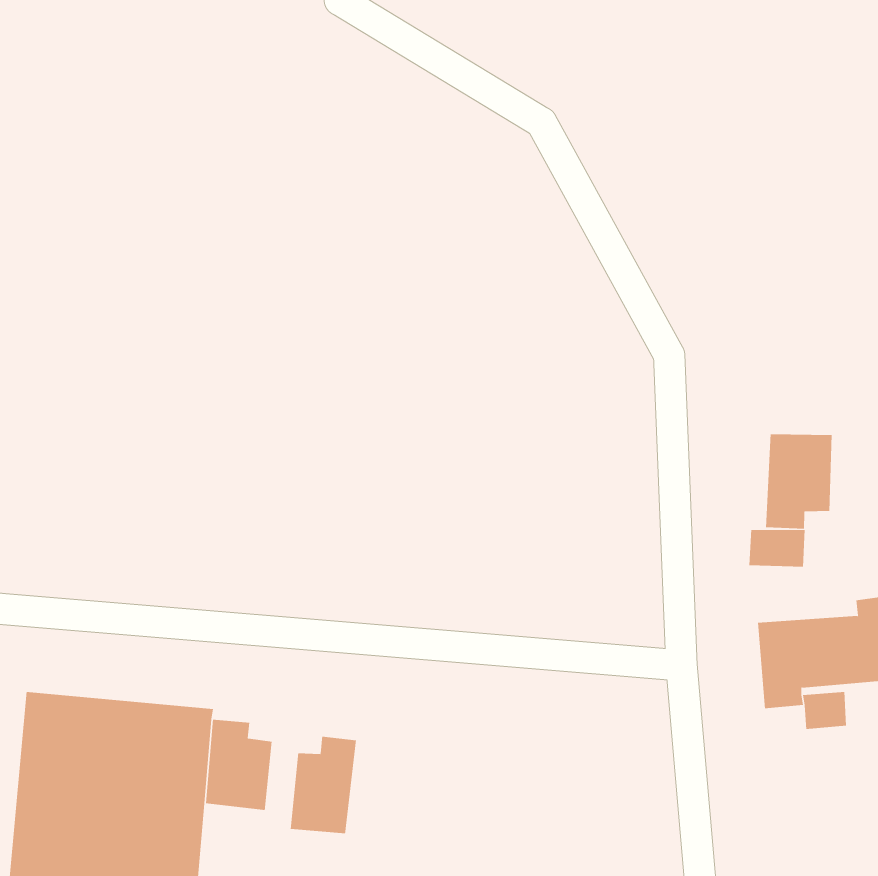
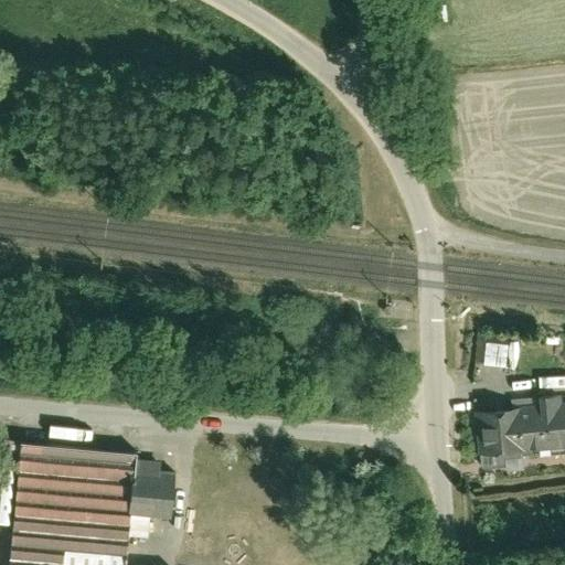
building: [766,434,832,529] -> none
building: [290,736,357,834] -> none

